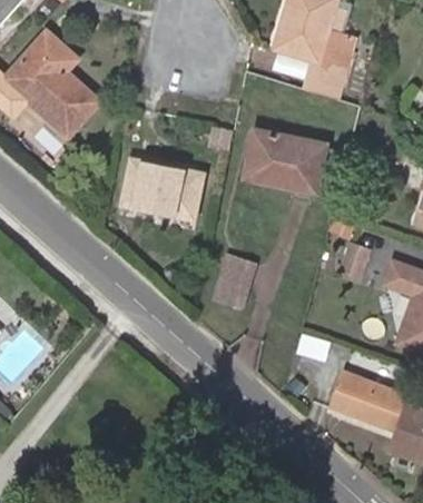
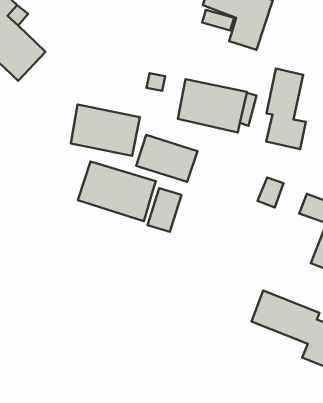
building: none -> [266,69,306,149]
building: none -> [136,135,198,182]
building: none -> [78,162,156,221]

